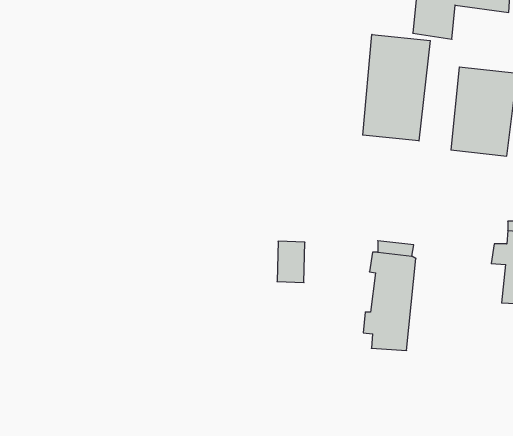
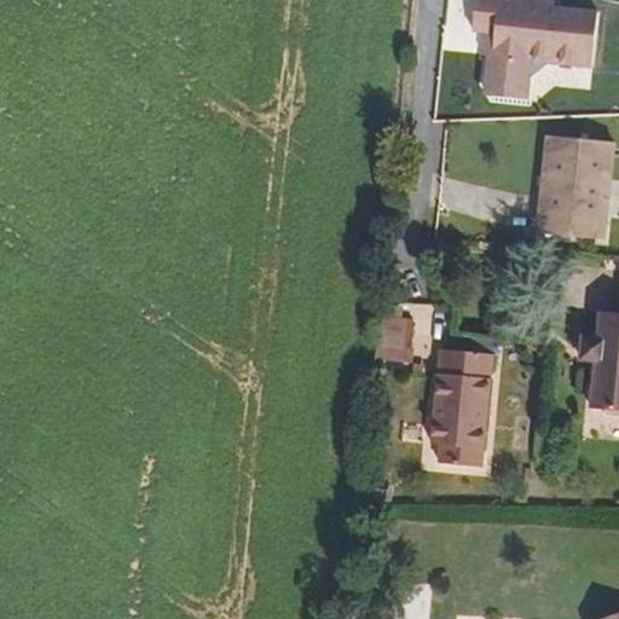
building: [363,34,430,141] -> none
building: [277,241,305,283] -> [381,313,413,361]

